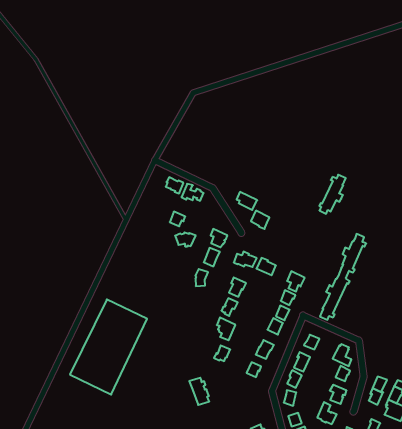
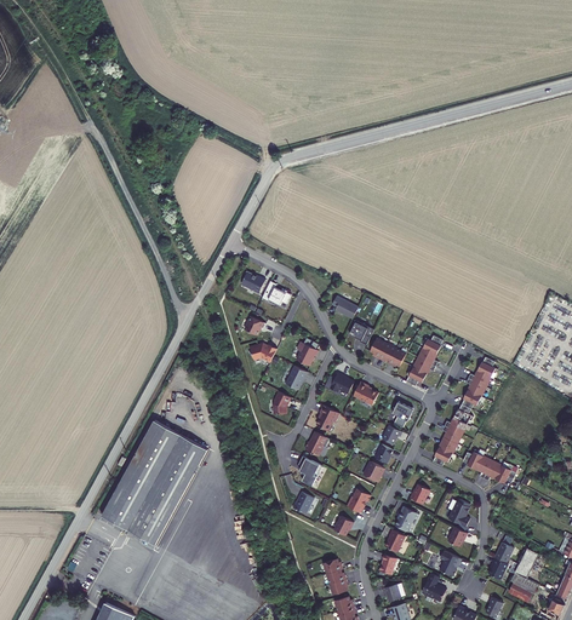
building: [319,175,346,214] -> [406,335,442,385]
building: none -> [370,338,406,366]
building: none -> [462,449,515,483]
building: [189,378,209,405] -> [321,561,345,596]

